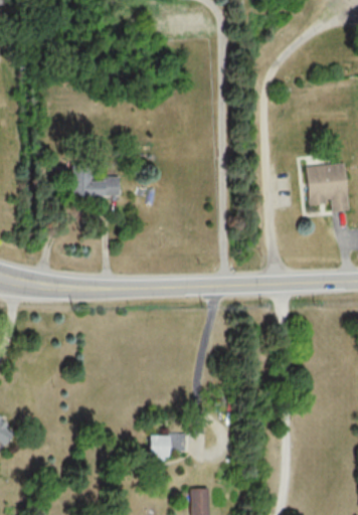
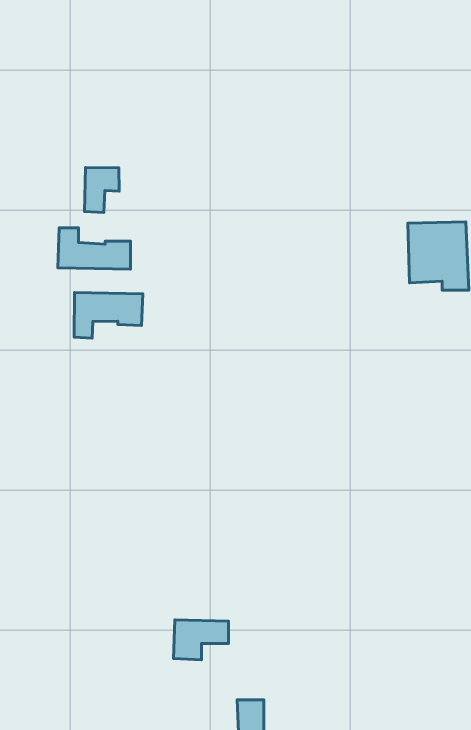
building: none -> [85,167,119,213]
building: none -> [74,293,143,338]

